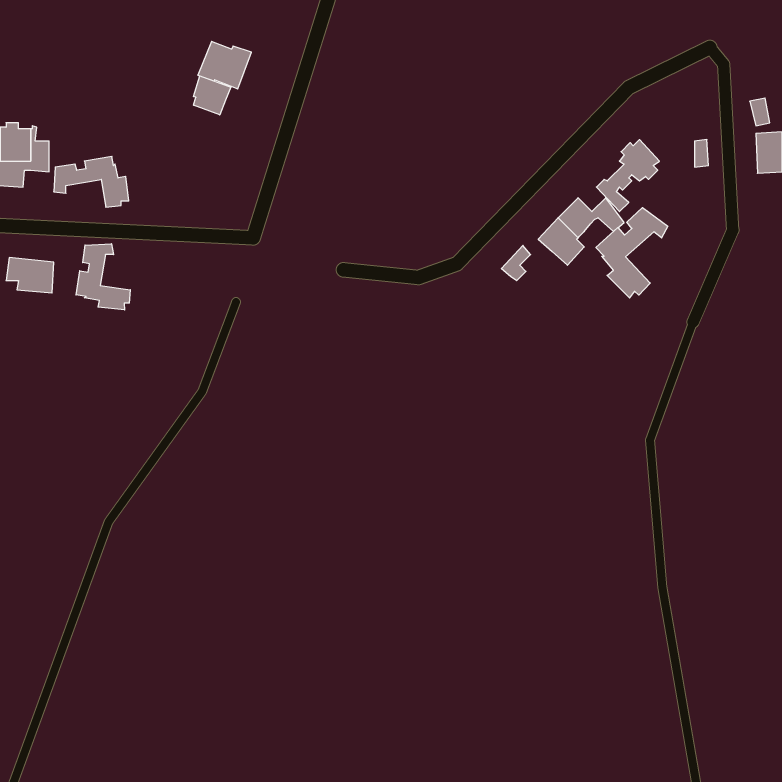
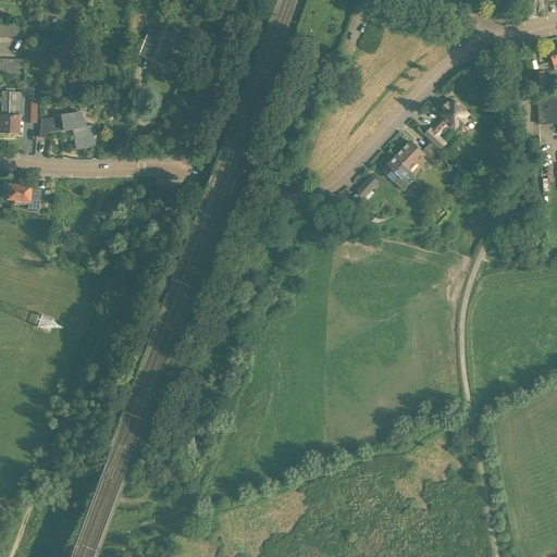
building: [194,76,231,115] -> none
building: [596,208,668,298] -> none
building: [76,244,130,310] -> none

